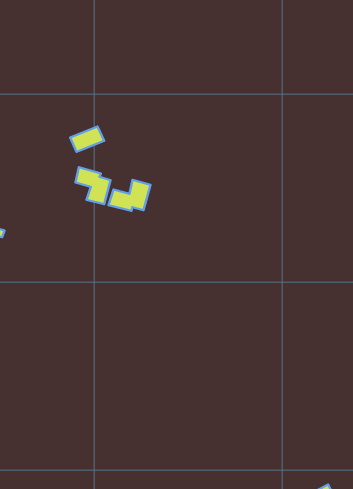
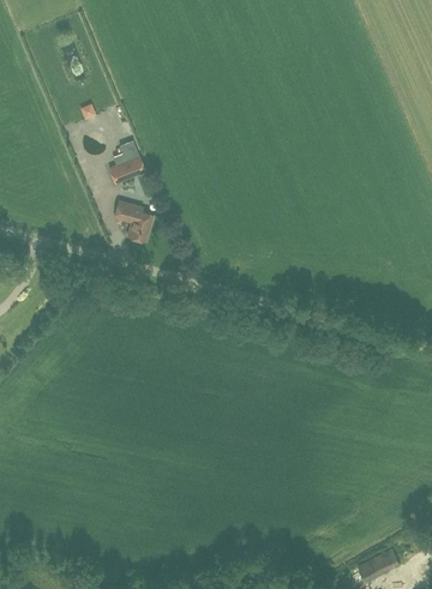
building: [108,180,150,211] -> none

